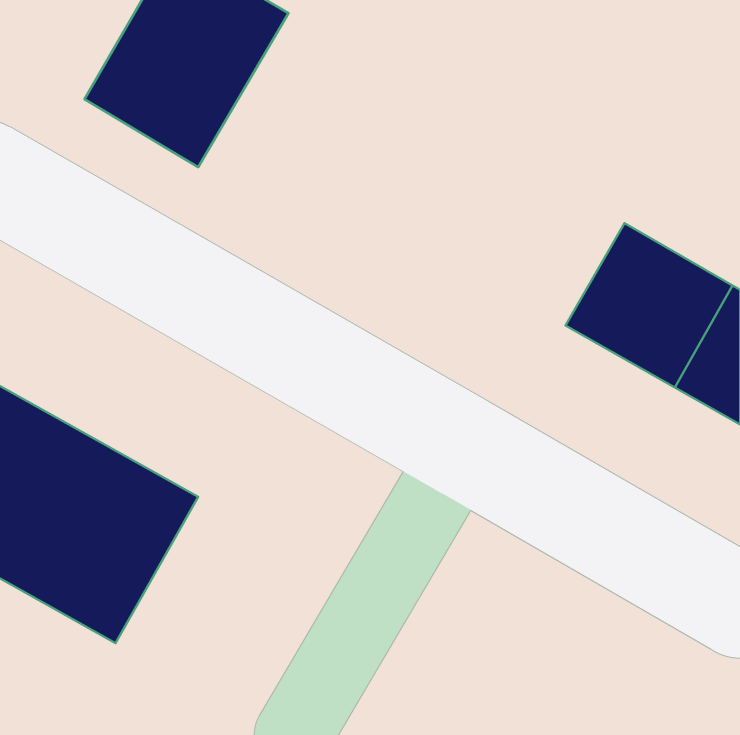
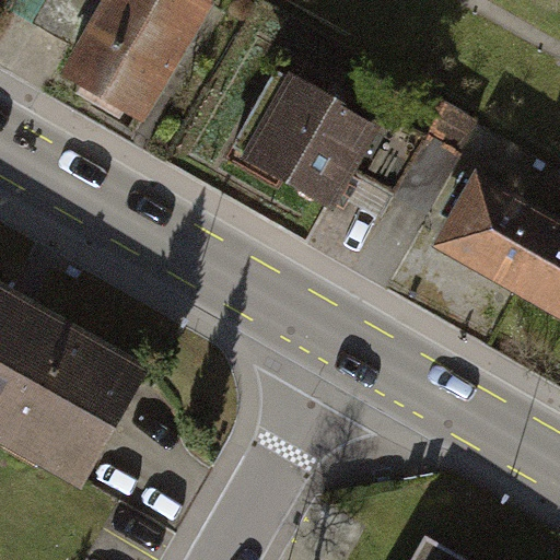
building: none -> [242,74,382,210]

